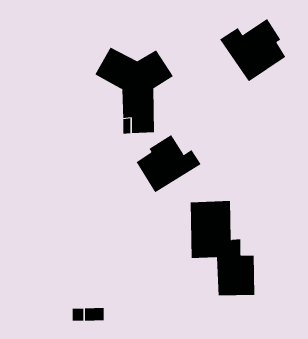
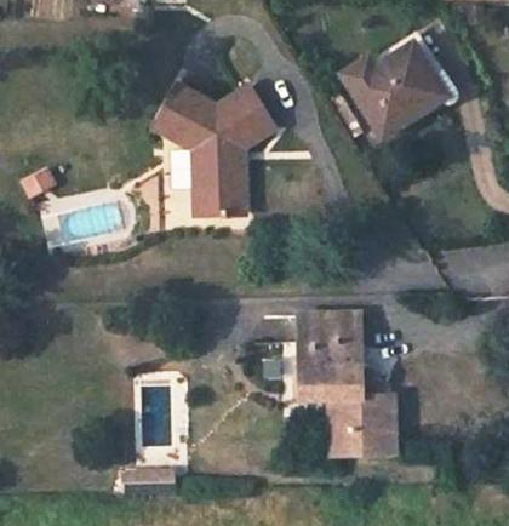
building: [136,134,202,193] -> none

